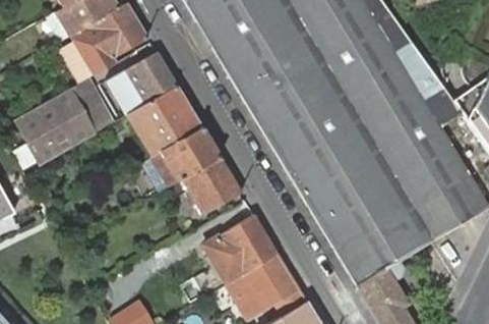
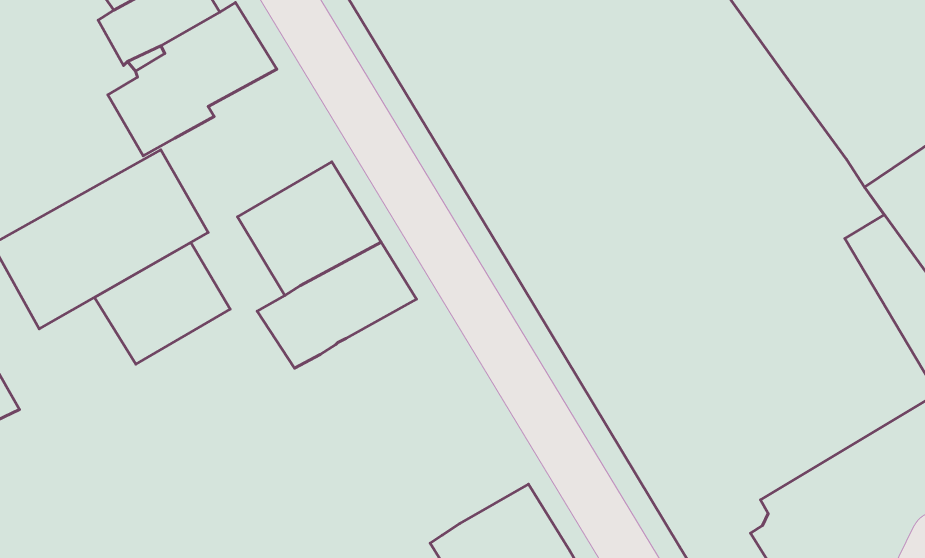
building: [107,51,177,114] -> [95,242,230,364]
building: [184,157,242,213] -> none
building: [204,213,279,283] -> none

